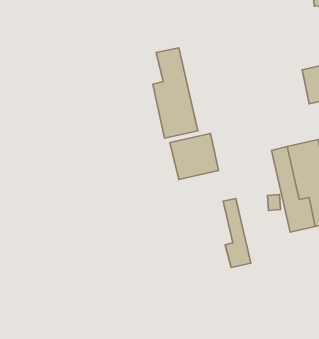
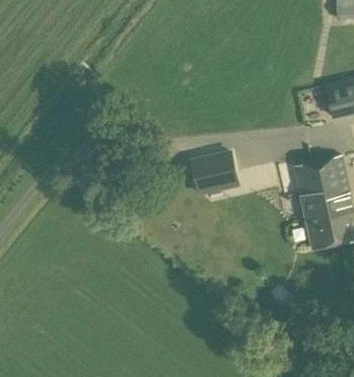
building: [153,48,198,138] -> none
building: [223,198,251,267] -> none

